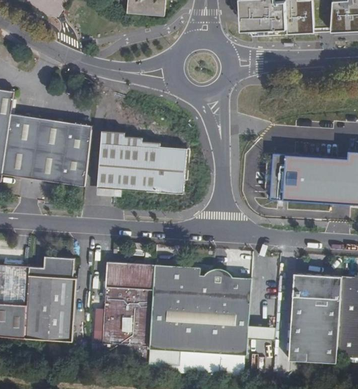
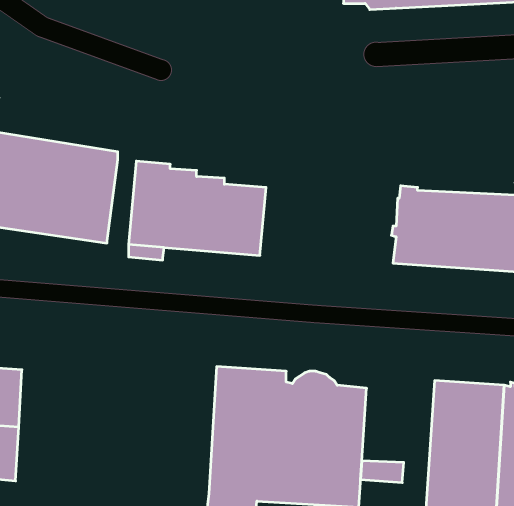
building: [24,256,76,341] -> none
building: [102,260,154,346] -> none

